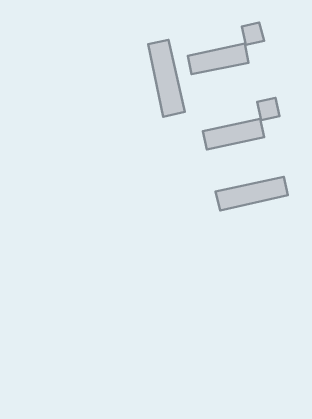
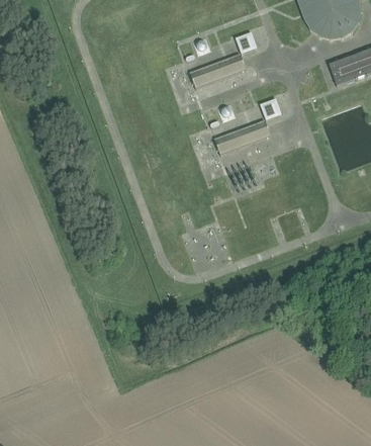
building: [148,40,185,117] -> none
building: [215,177,288,211] -> none

